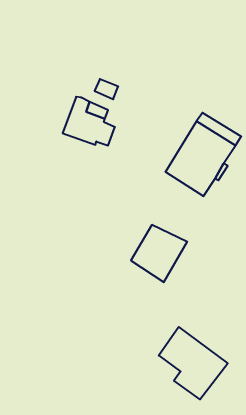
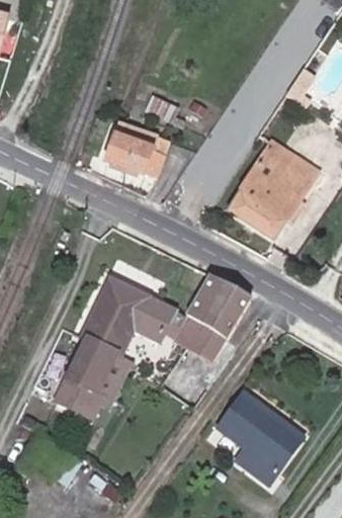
building: none -> [53,279,173,421]
building: none -> [169,316,224,363]

